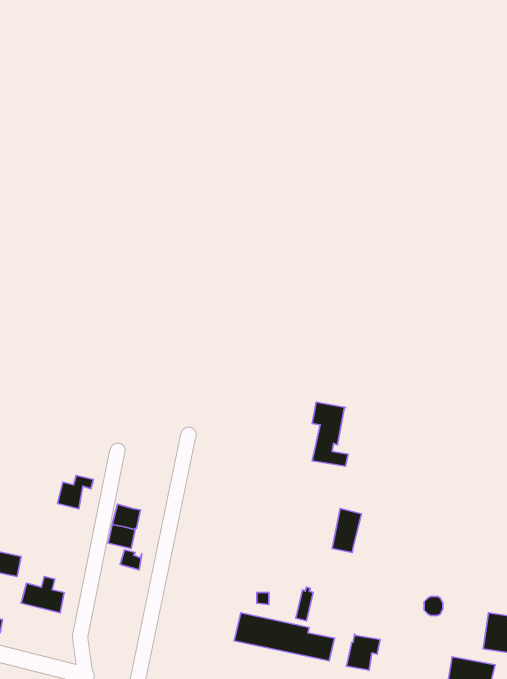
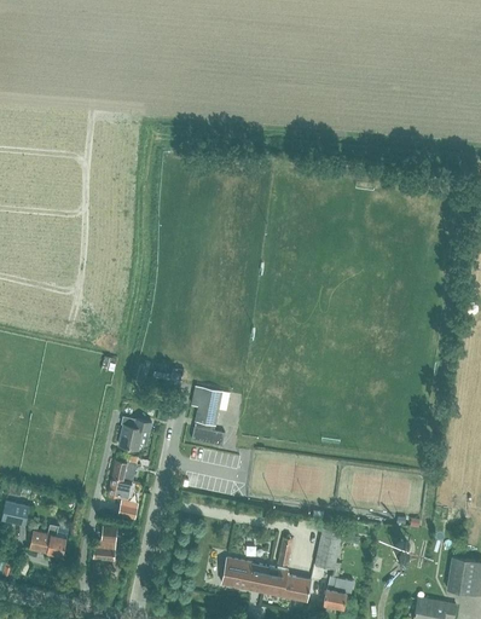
building: [312,402,348,466] -> [192,386,225,444]
building: [57,475,94,509] -> [120,420,152,450]
building: [332,508,362,553] -> [315,528,342,568]
building: none -> [94,527,117,560]

